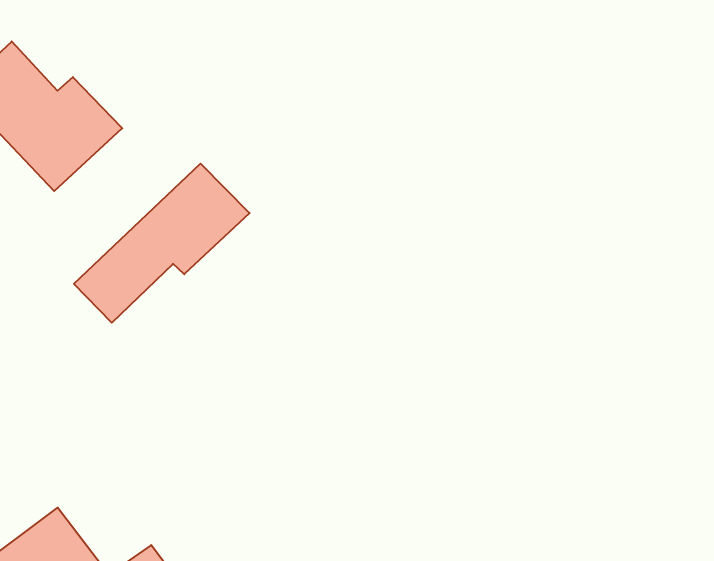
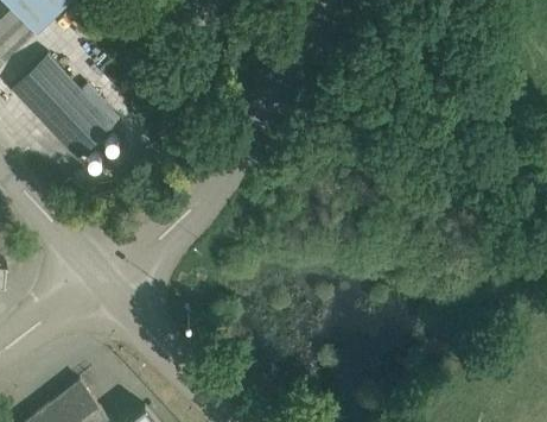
building: [74,164,250,323] -> none

